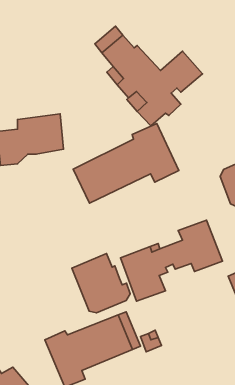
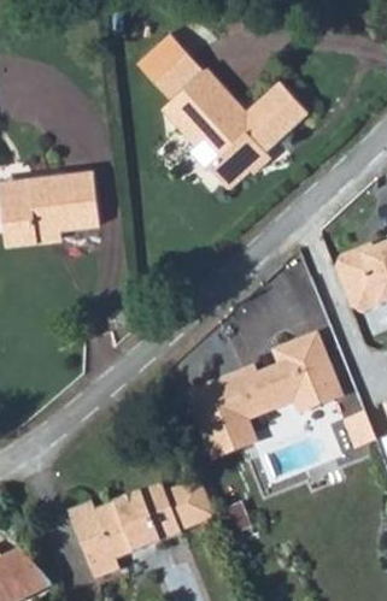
building: [73,123,179,203] -> none
building: [72,254,130,313] -> none

